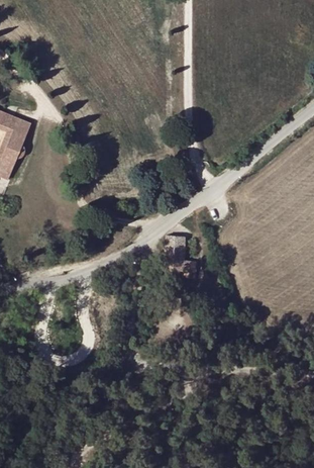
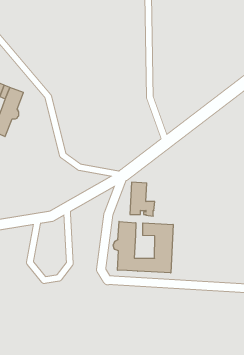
building: none -> [113,221,173,273]

